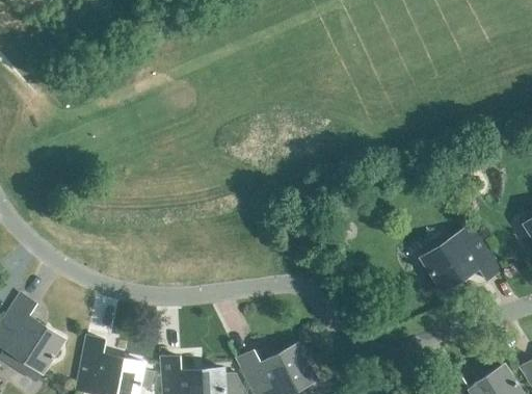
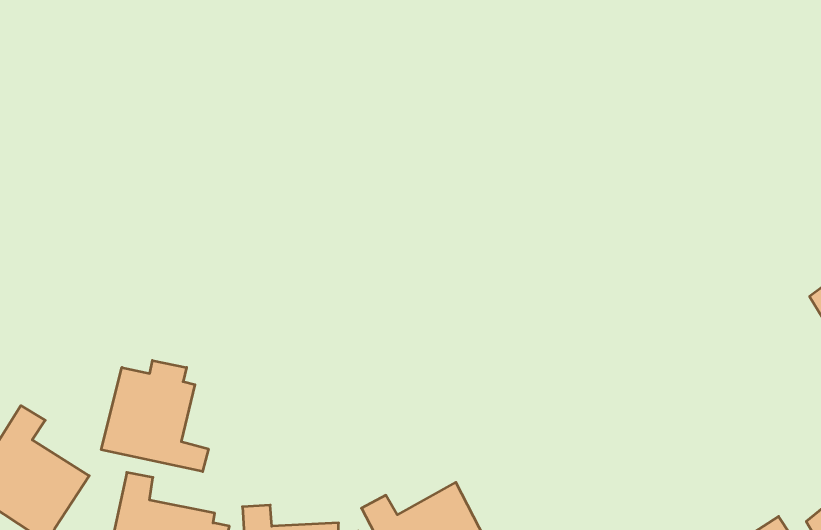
building: [420,226,500,291] -> none
building: none -> [101,360,208,472]

